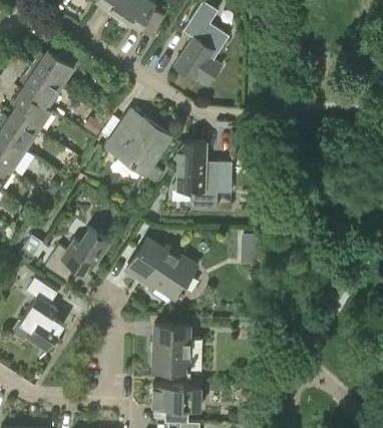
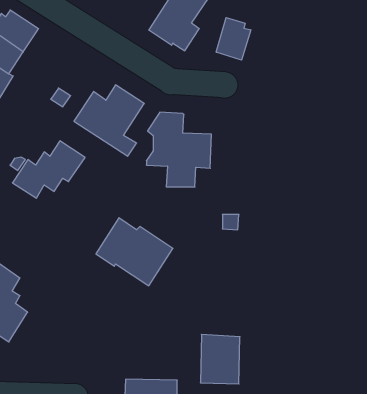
building: none -> [216,18,251,60]
building: [45,229,111,281] -> [12,141,85,198]
building: [153,325,189,370] -> [200,334,240,384]

